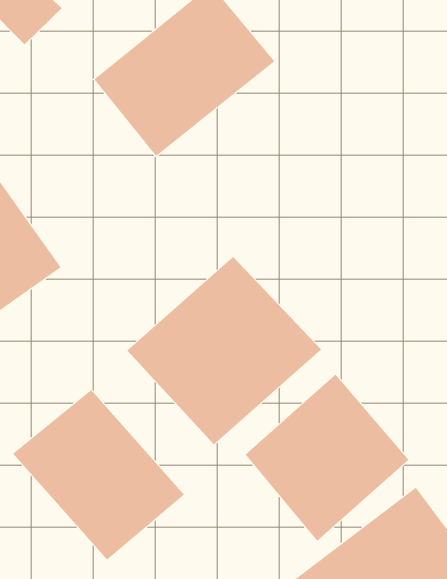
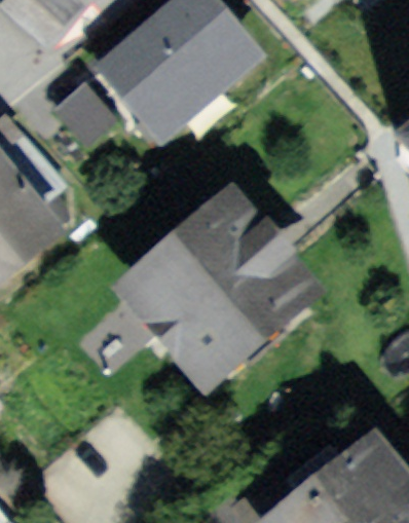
building: [245,374,409,541] -> none
building: [12,389,185,560] -> none

